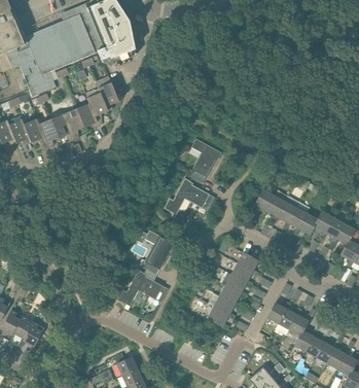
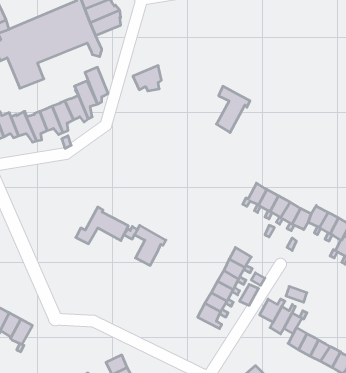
building: [106,34,134,59] -> [133,66,161,91]
building: [189,138,222,183] -> [216,86,250,133]
building: [164,178,210,214] -> none
building: [117,270,169,306] -> [76,207,128,244]

